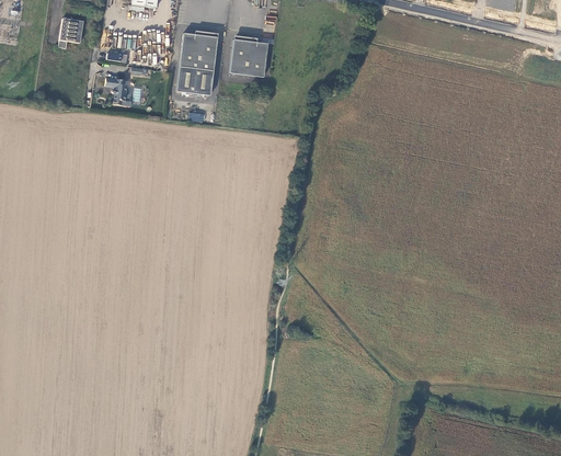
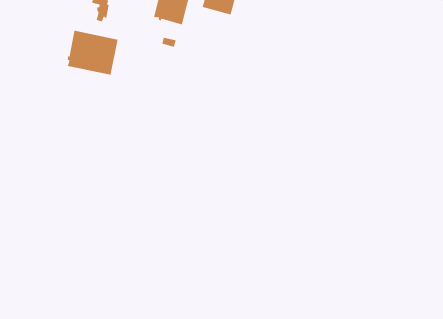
building: none -> [67,30,118,76]

